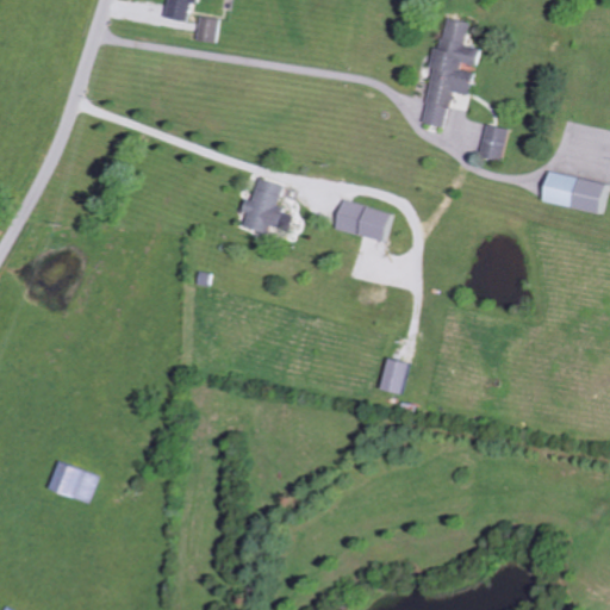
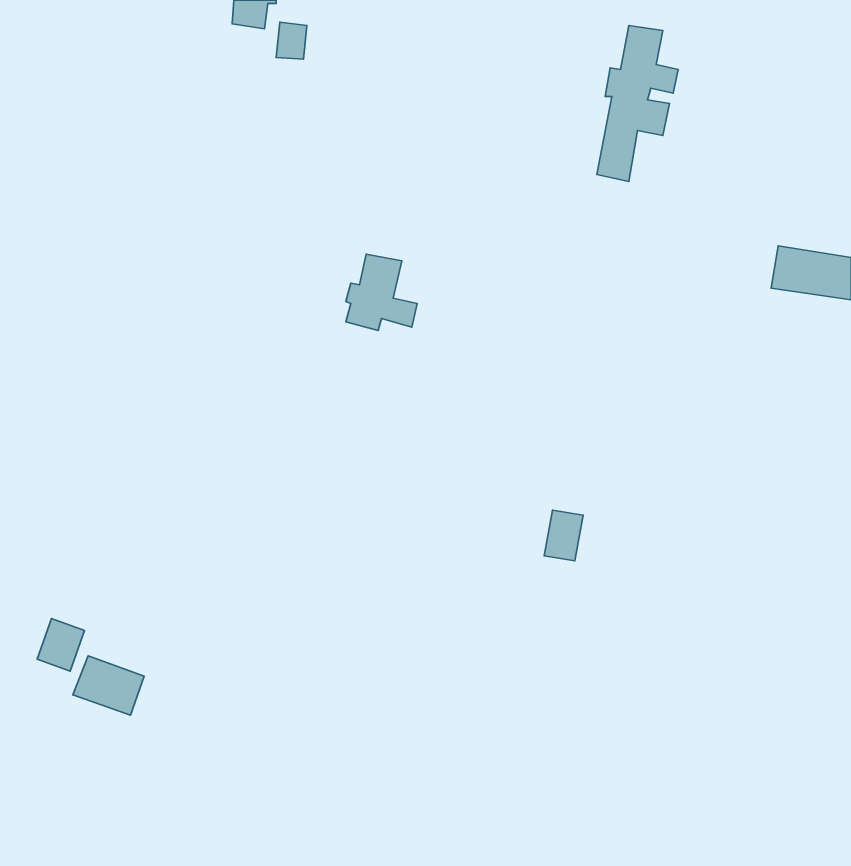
building: [475,124,505,161] -> none
building: [335,200,393,243] -> none
building: none -> [37,618,84,671]

